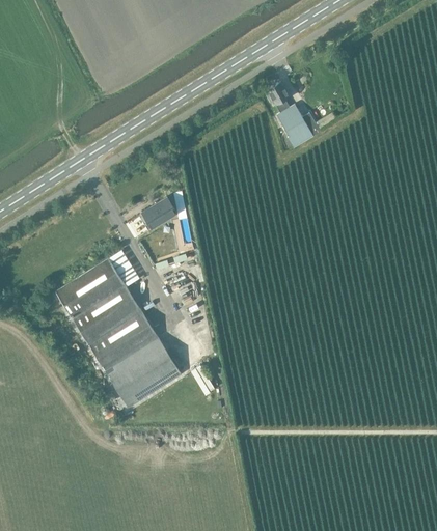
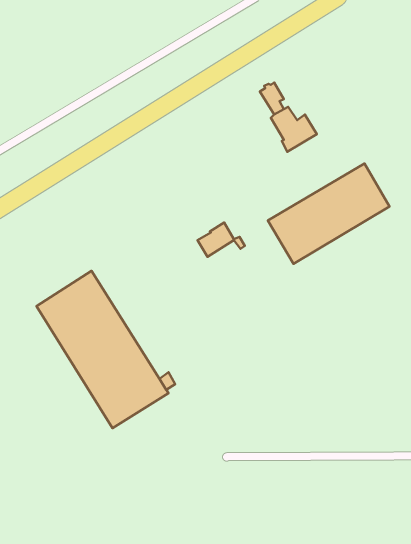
building: none -> [268,163,389,264]
building: [141,197,186,229] -> [198,223,245,257]

